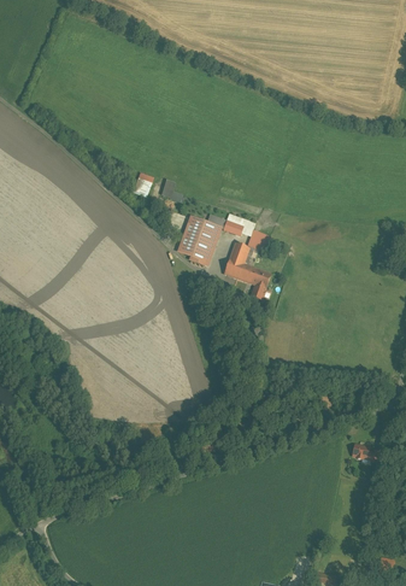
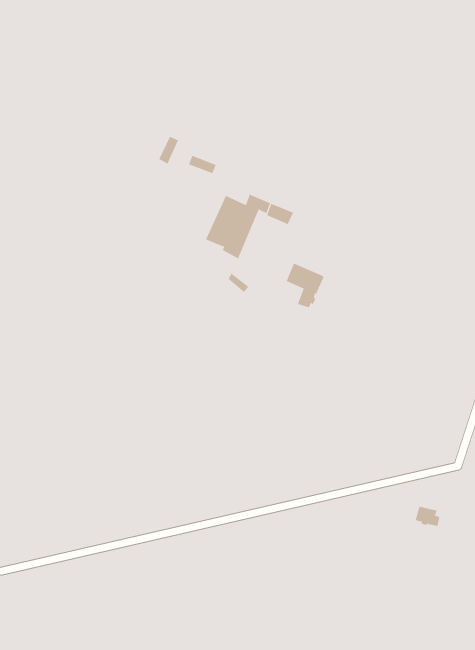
building: [224,232,272,281] -> none

